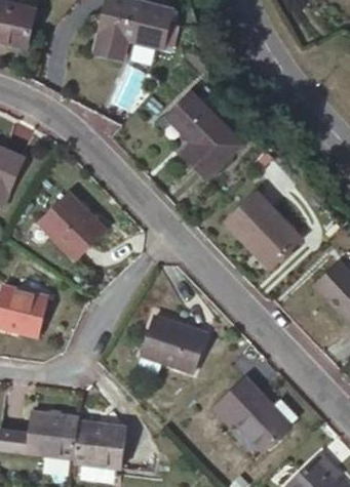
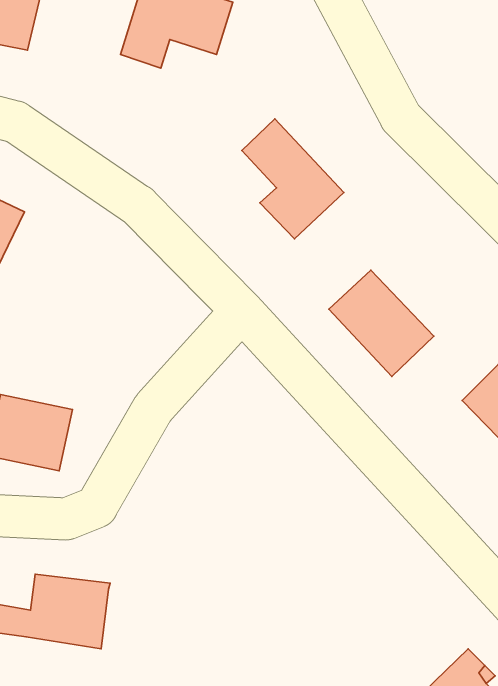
building: [40,195,104,257] -> none
building: [143,320,203,373] -> none
building: [219,383,291,457] -> none
building: [71,417,127,468] -> none

